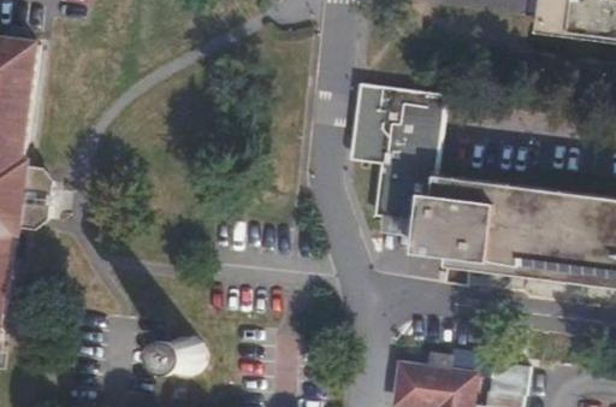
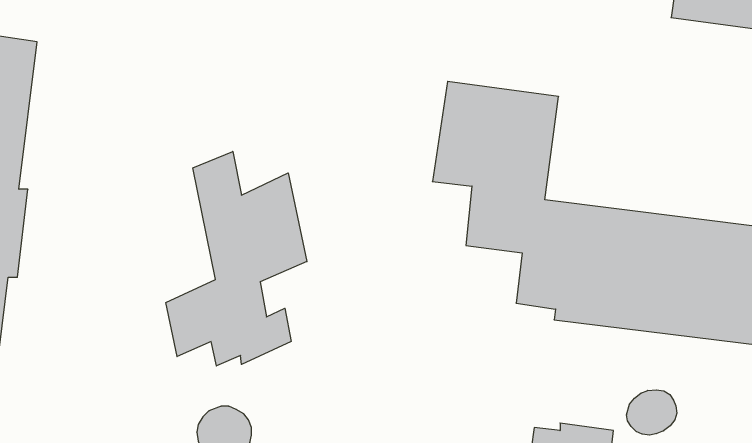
building: none -> [166,151,307,366]
building: none -> [627,390,677,435]

